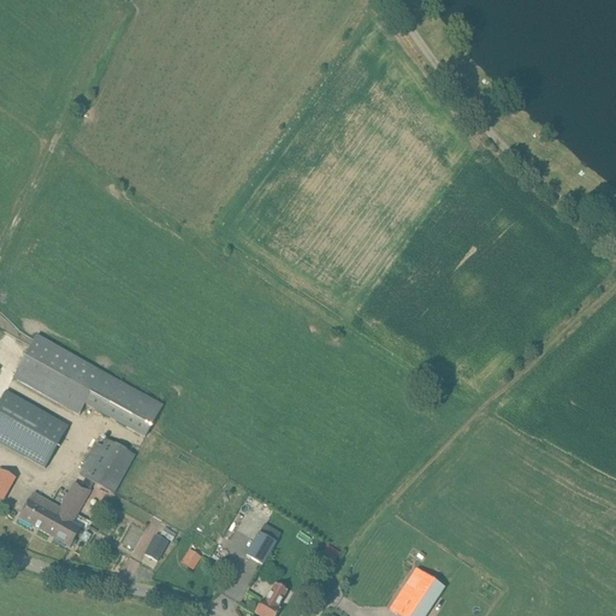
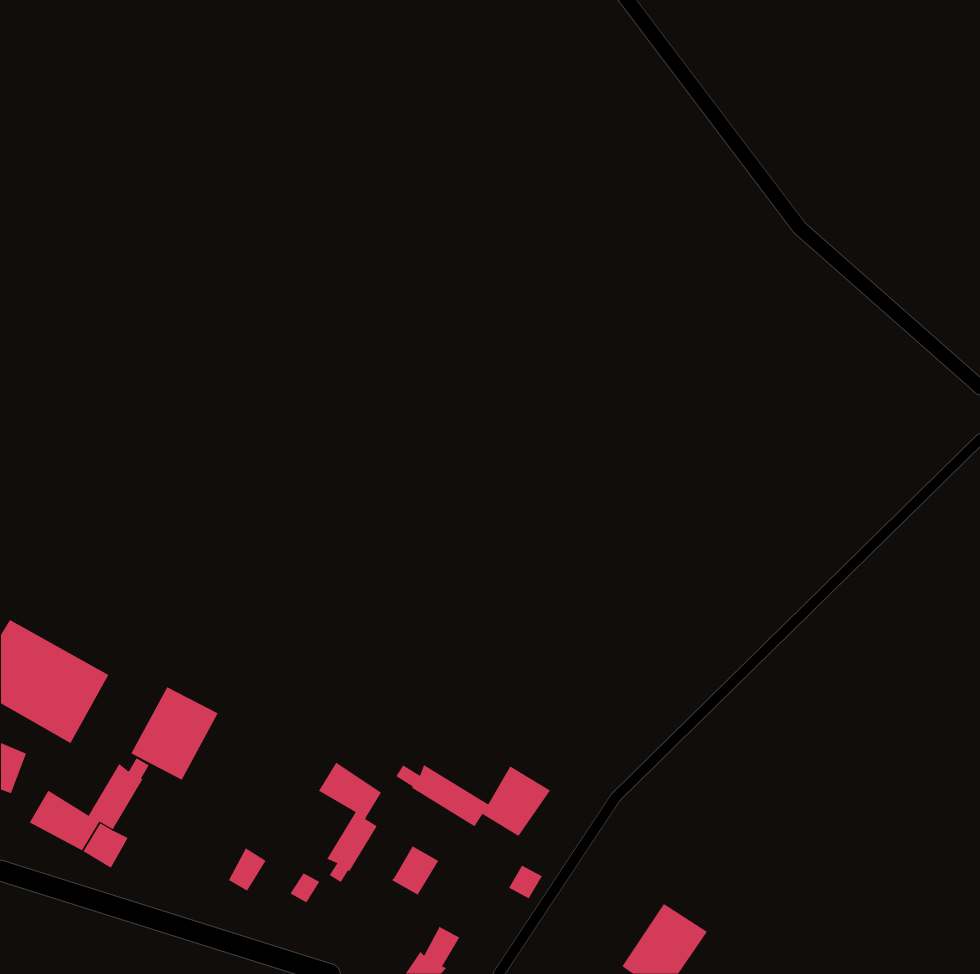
building: [13,333,162,436] -> none
building: none -> [318,762,382,883]
building: none -> [395,764,551,837]

